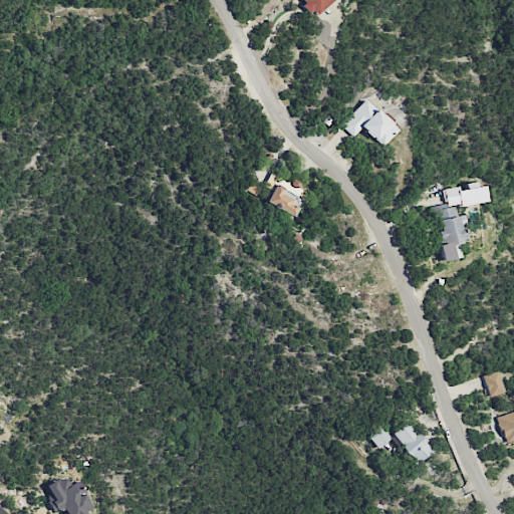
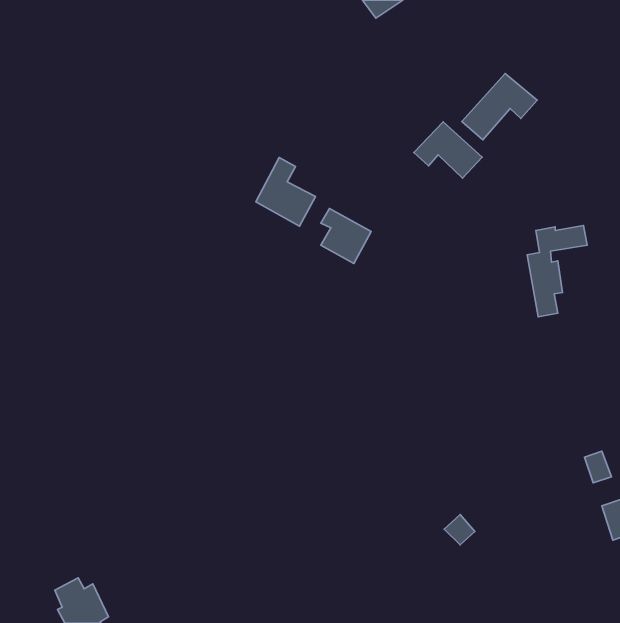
building: none -> [462,73,537,140]
building: none -> [256,158,315,226]
building: [395,421,434,464] -> none

